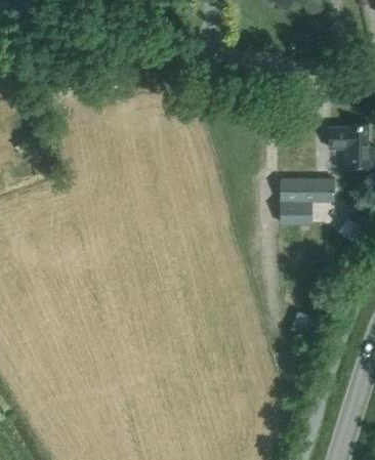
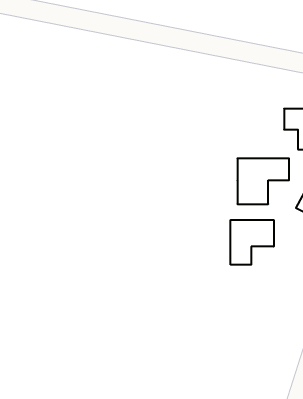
building: none -> [231,220,274,265]

